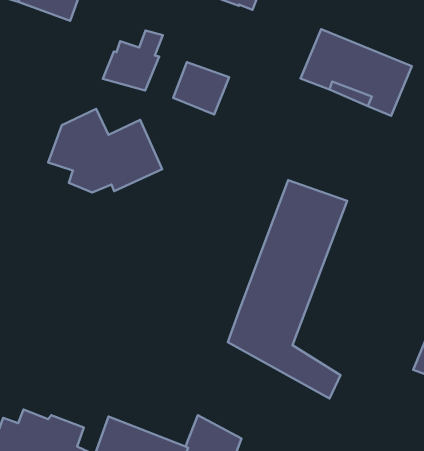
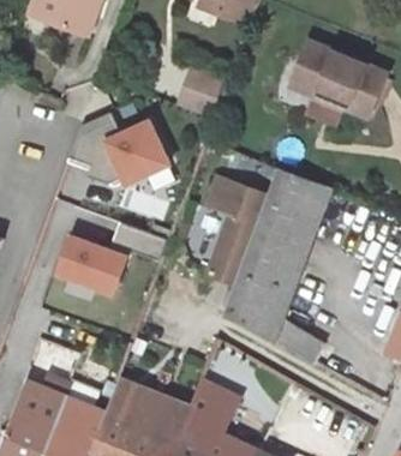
building: [103,31,163,90] -> none
building: none -> [207,175,269,284]
building: none -> [59,223,167,293]

